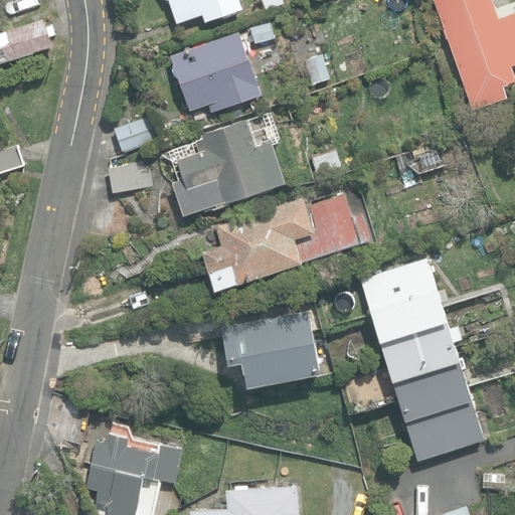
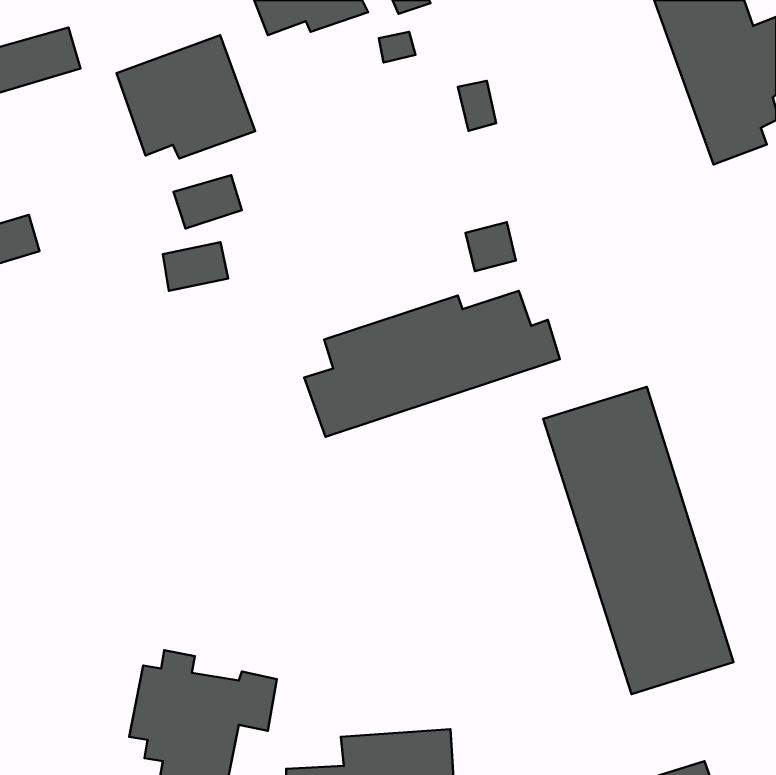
building: [170,32,262,114] -> [117,35,255,158]
building: [169,113,285,216] -> none
building: [190,312,320,386] -> none

